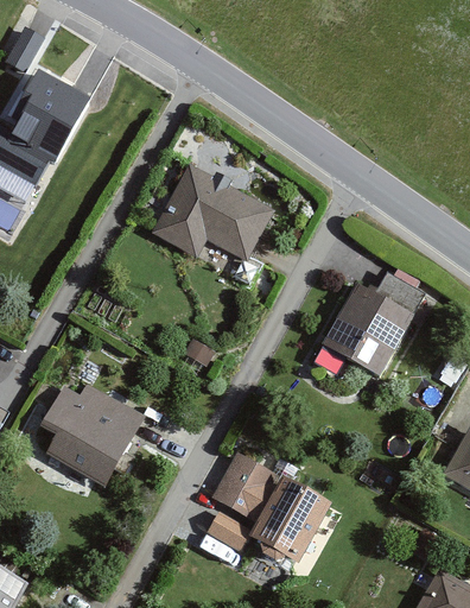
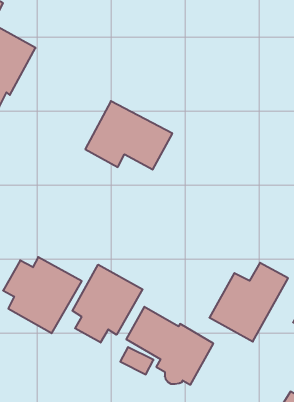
building: [322,268,431,378] -> [209,263,288,342]
building: none -> [72,265,143,343]

